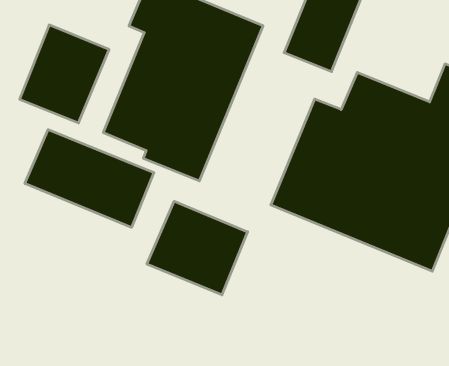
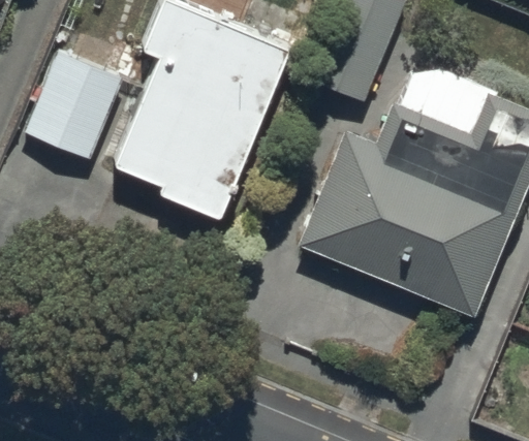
building: [25,130,154,227] -> none
building: [147,201,248,295] -> none

